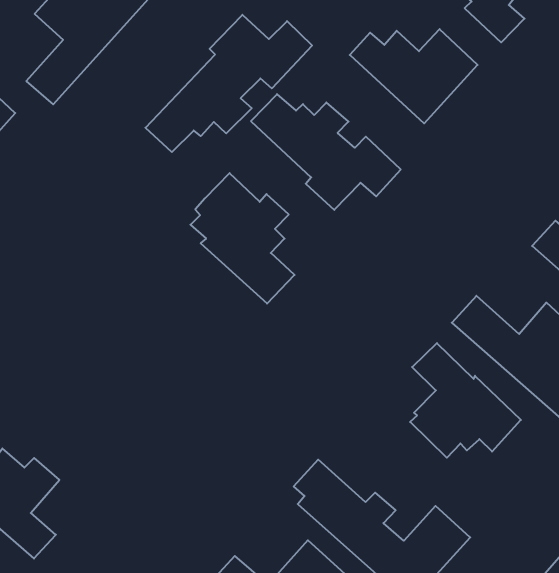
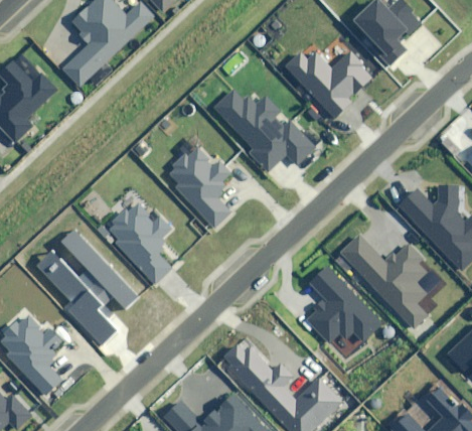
building: [145,15,312,152] -> none
building: none -> [106,199,176,288]
building: none -> [35,230,137,344]

